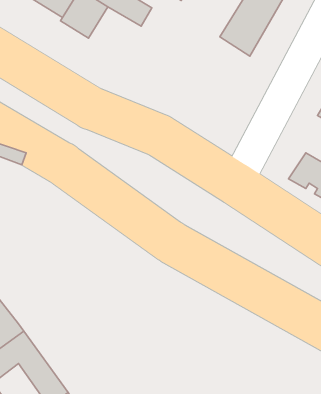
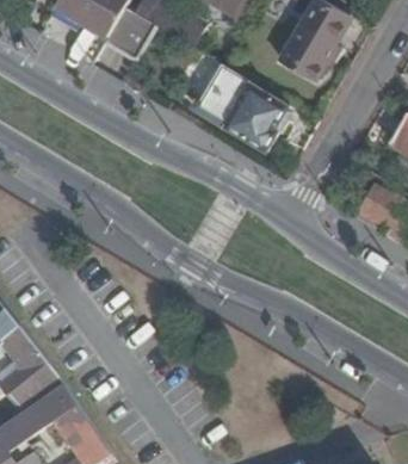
building: none -> [197,66,286,153]

